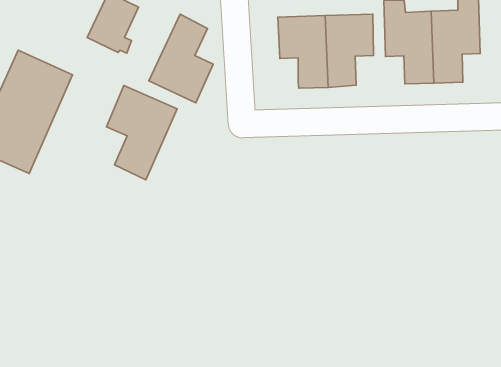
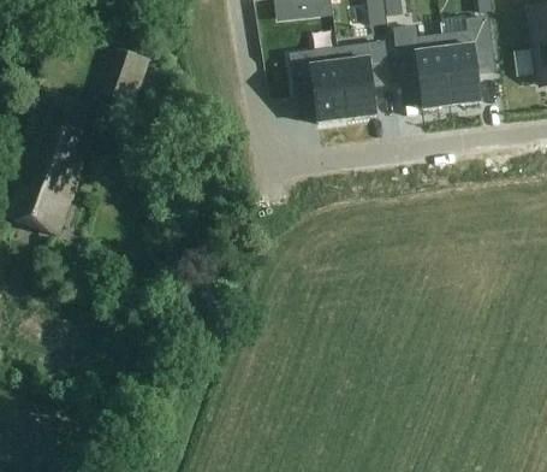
building: [149,14,213,103] -> none
building: [107,85,177,180] -> none

